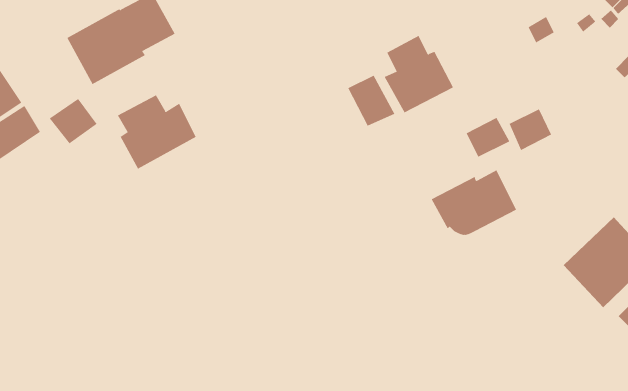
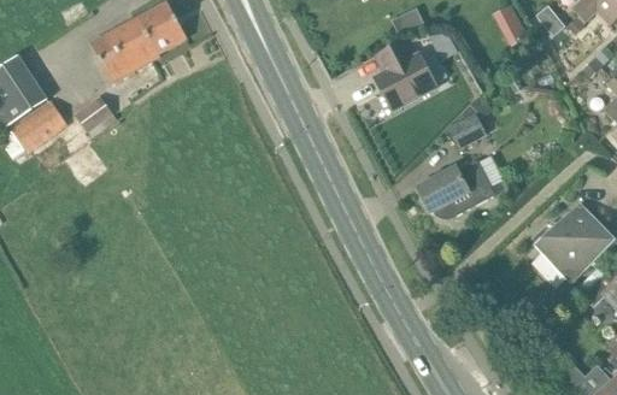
building: [347,75,395,127] -> none
building: [117,94,196,170] -> none
building: [509,108,552,151] -> none

